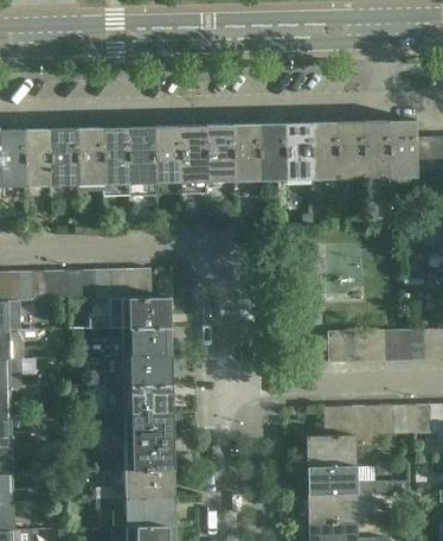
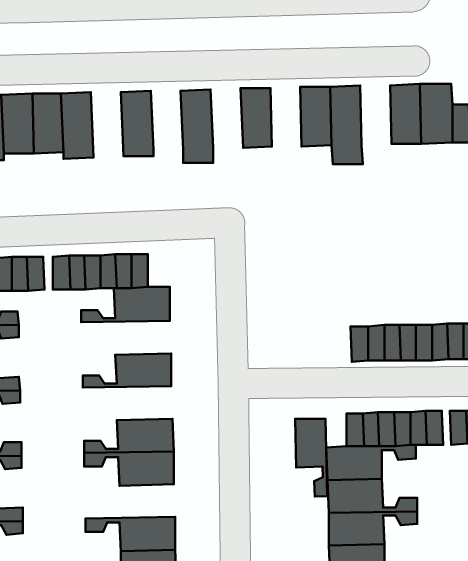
building: [335,122,362,174] -> none
building: [257,123,284,176] -> none
building: [205,125,233,177] -> none
building: [153,126,181,178] -> none
building: [101,128,129,185] -> none
building: [92,327,171,357] -> none
building: [94,384,172,414] -> none
building: none -> [295,419,327,497]
building: [96,470,174,499] -> none

